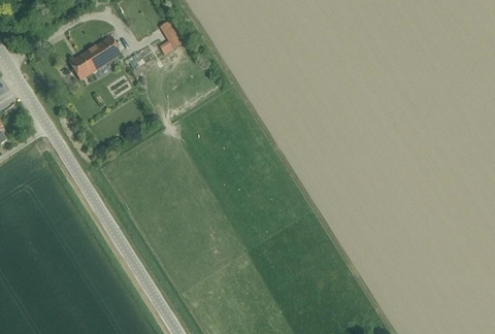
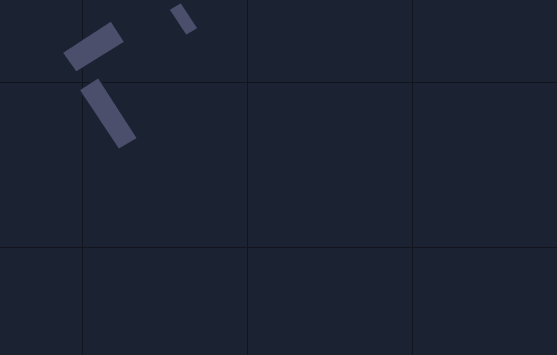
building: none -> [79,78,137,149]

